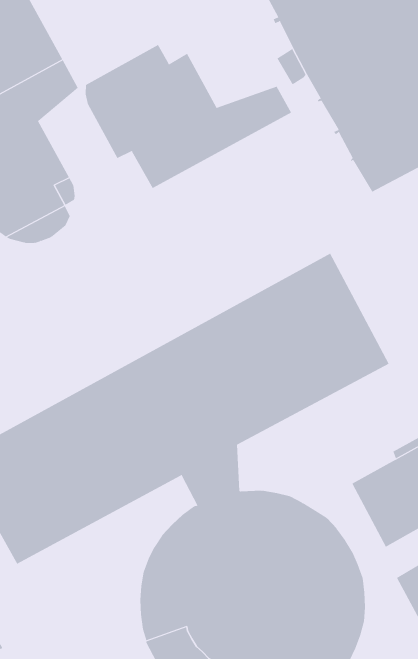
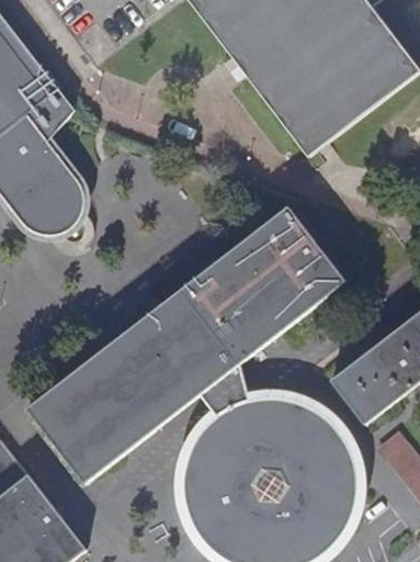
building: [85,44,292,189] -> none

